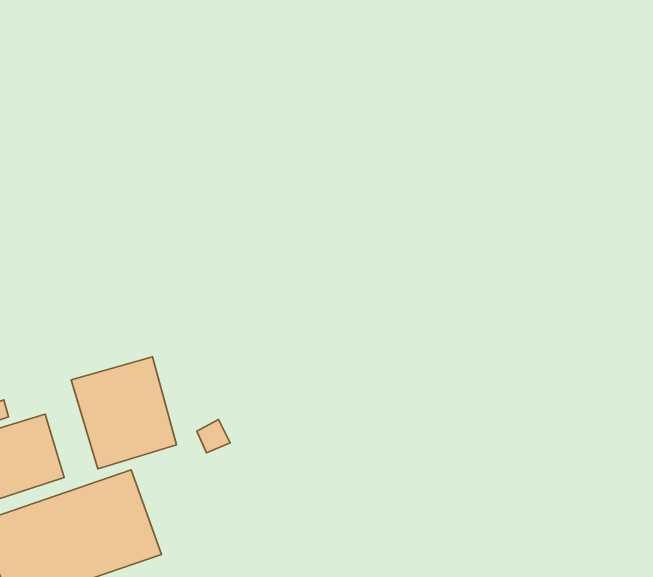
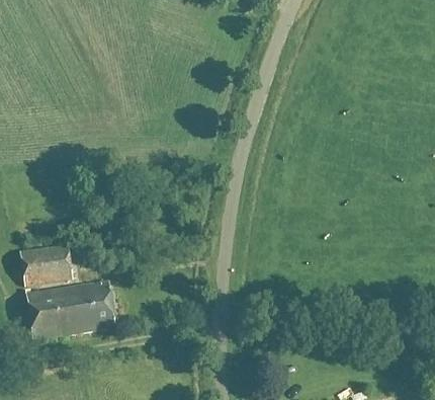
building: [71,357,176,469] -> none

